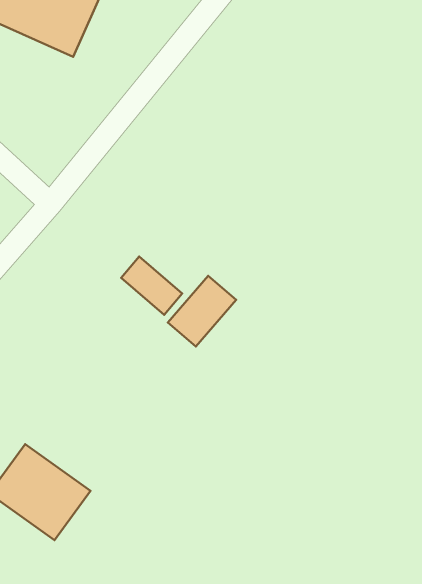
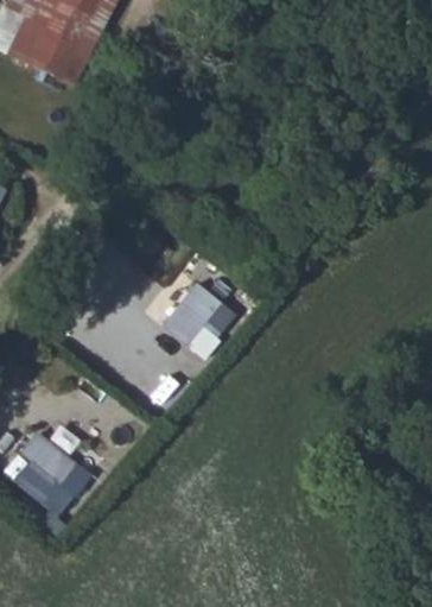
building: [121,257,182,315] -> none

